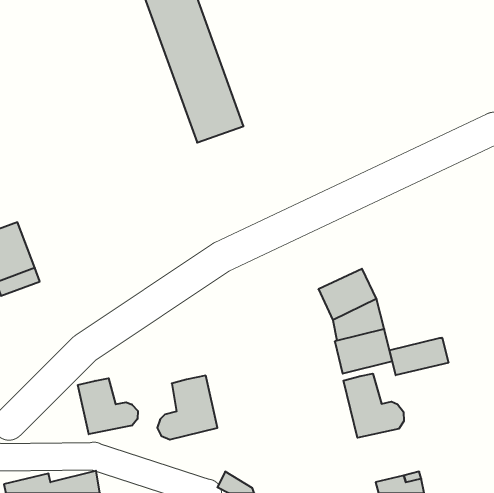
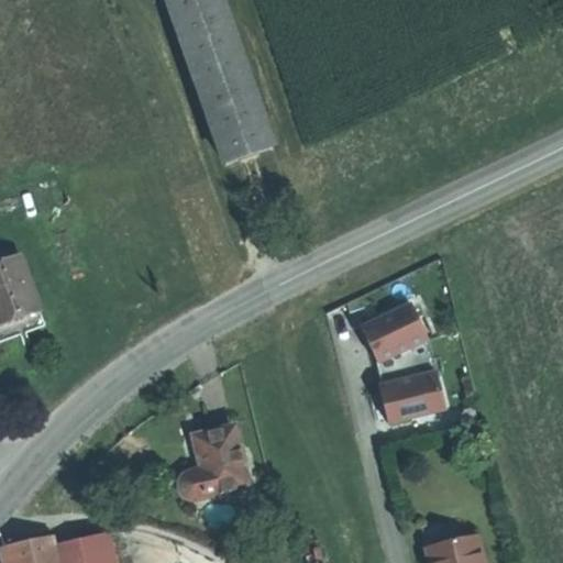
building: [390,338,448,375] -> none
building: [343,374,404,438] -> none
building: [78,378,138,434] -> none

